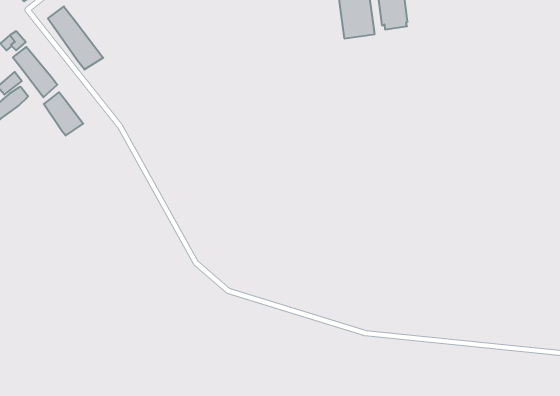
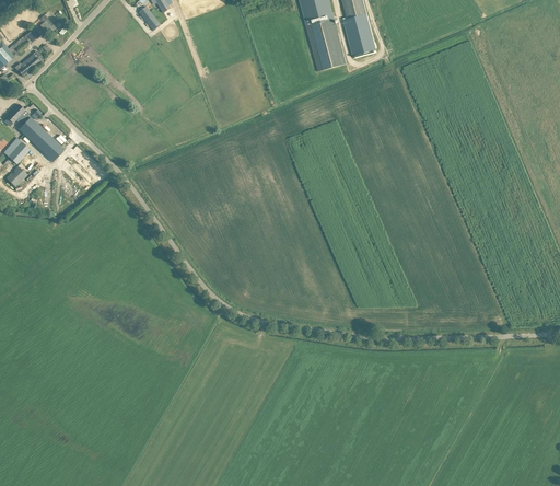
building: [48,6,103,70] -> none
building: [44,92,83,136] -> none

